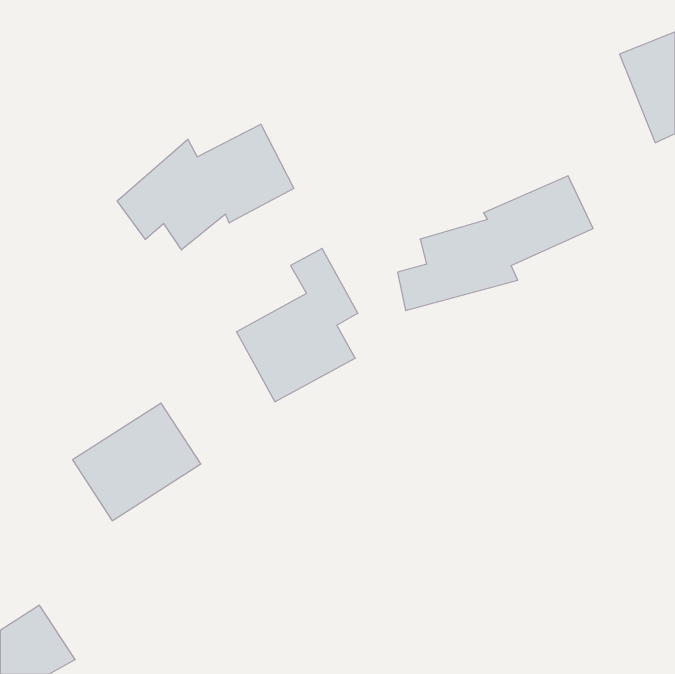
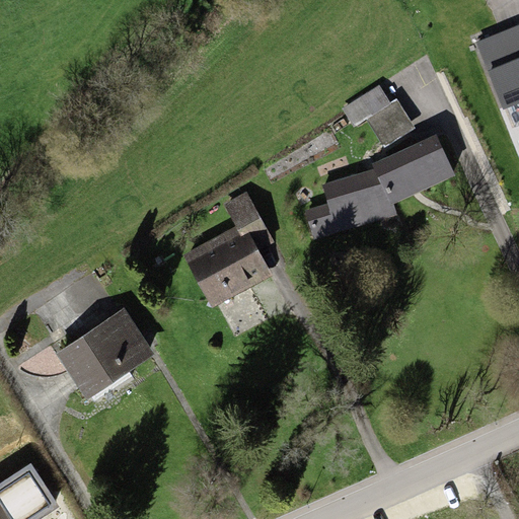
building: none -> [343,84,415,147]
building: [117,124,294,250] -> none

